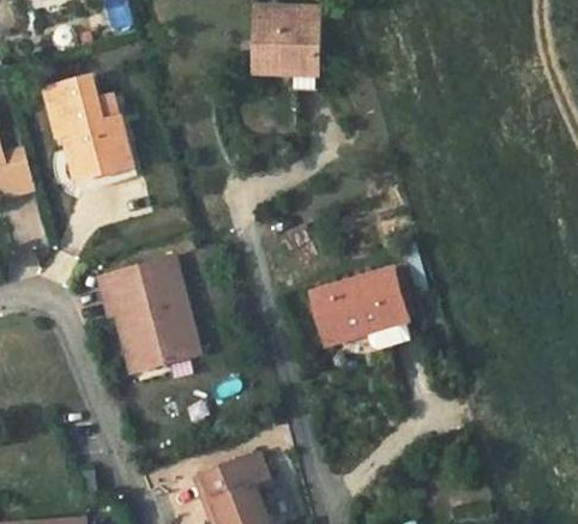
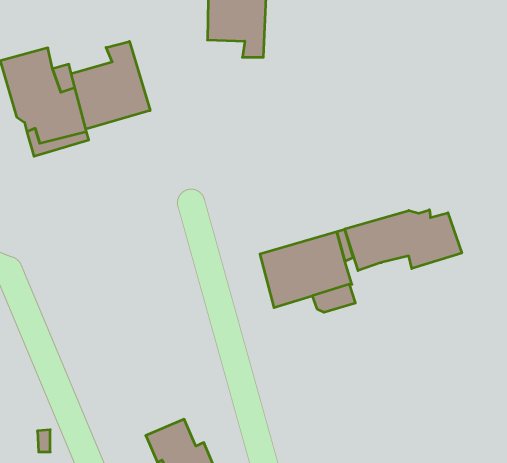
building: none -> [71,41,150,129]
building: none -> [345,210,462,271]
building: [97,254,199,369] -> none

